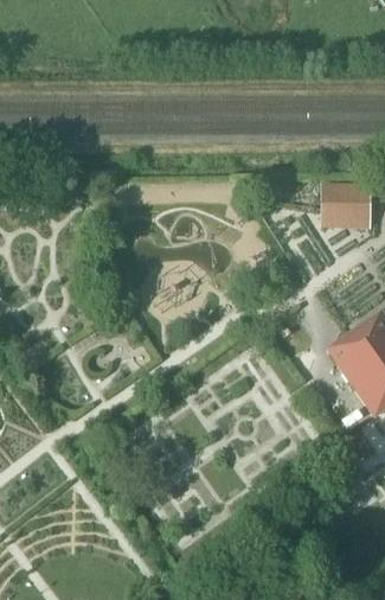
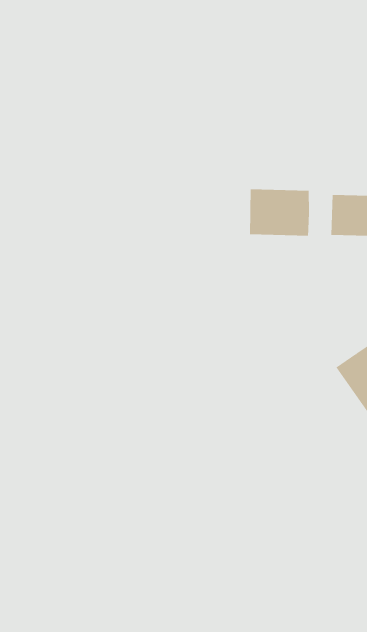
building: none -> [249,189,310,236]

